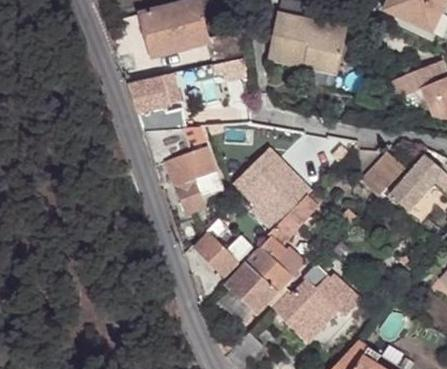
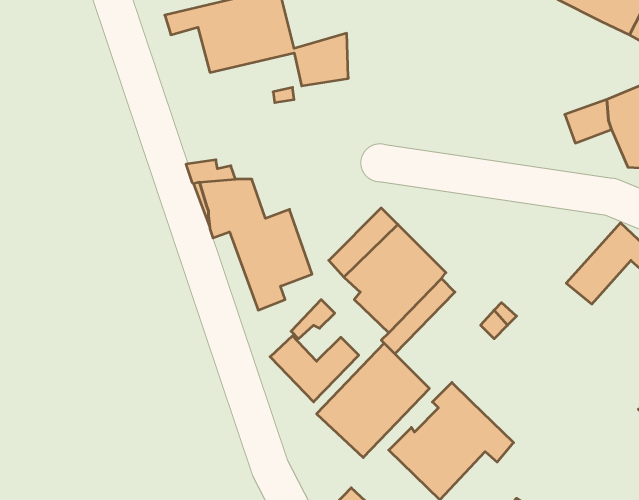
building: [266,14,348,78] -> none
building: [127,74,172,111] -> none
building: [360,150,406,196] -> none

